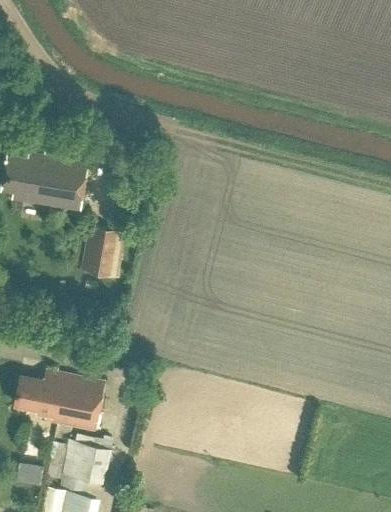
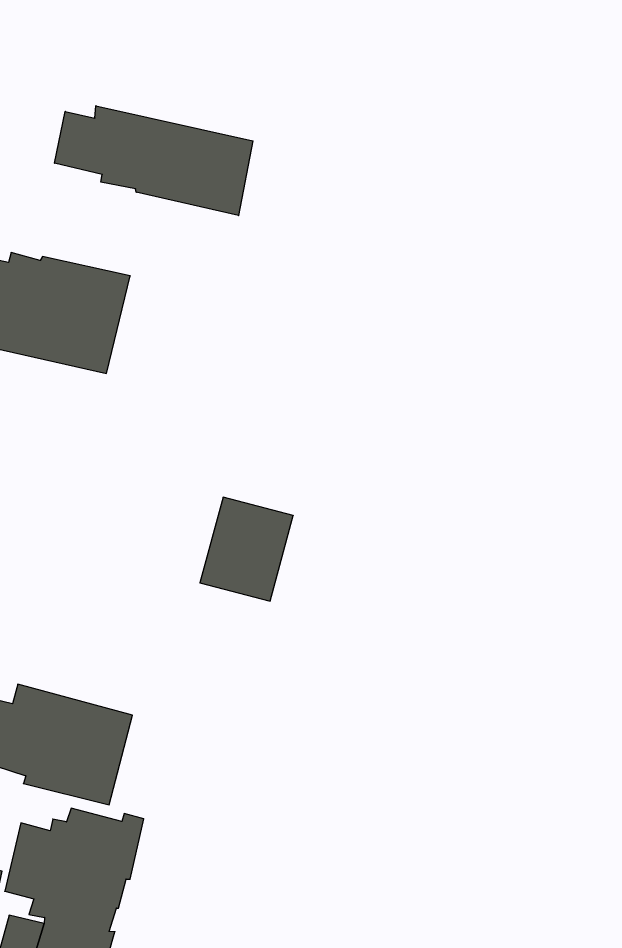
building: none -> [55,106,253,216]
building: [81,225,126,276] -> [200,497,293,601]

